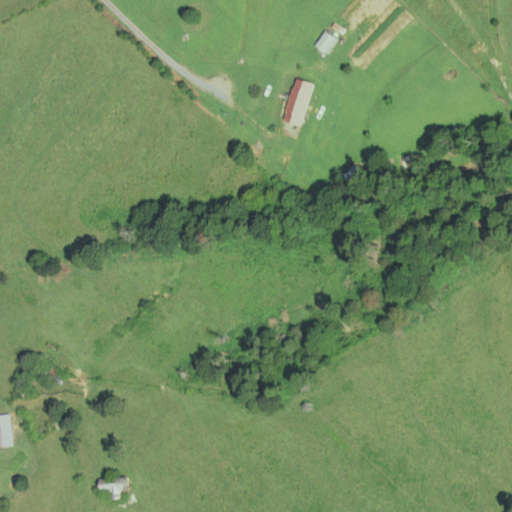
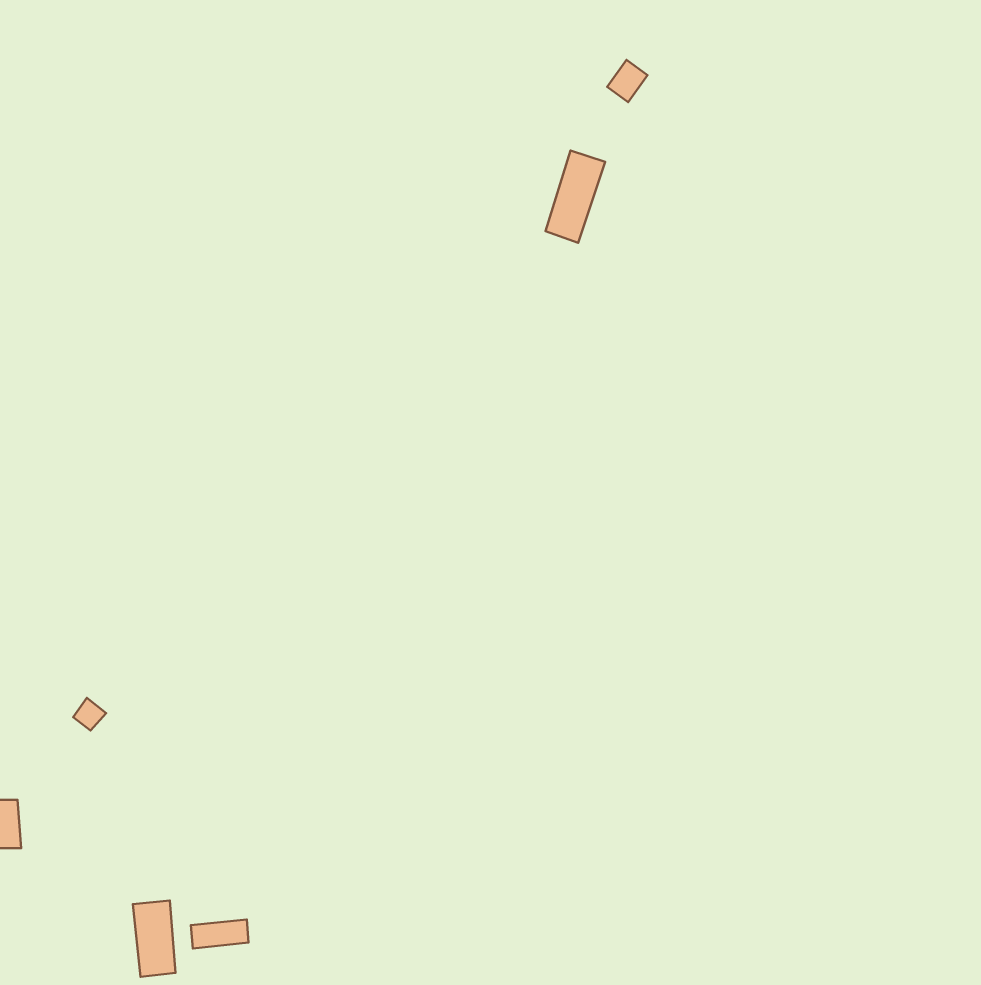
building: none -> [133,900,175,977]

